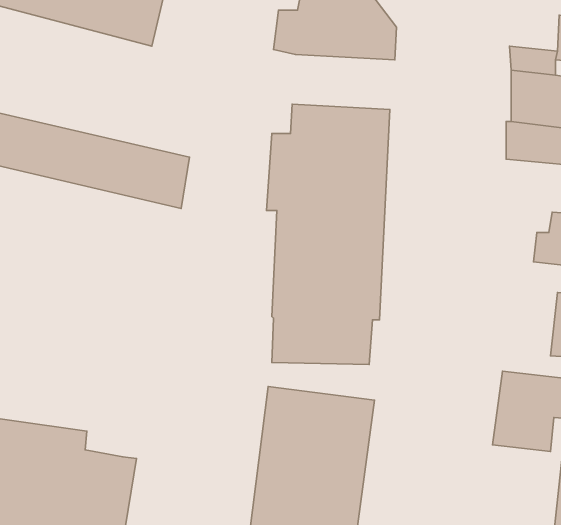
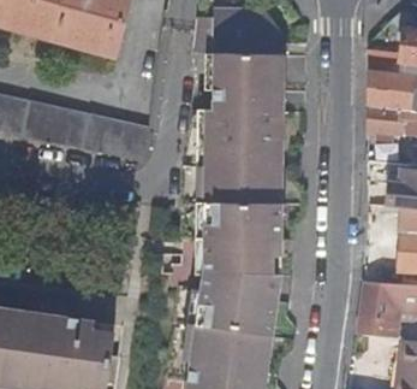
building: none -> [216,57,288,95]
building: none -> [199,273,276,300]

